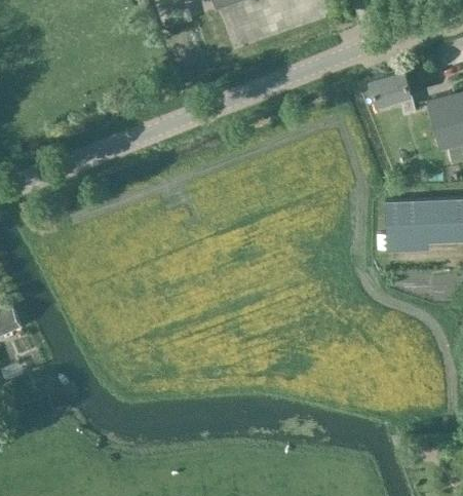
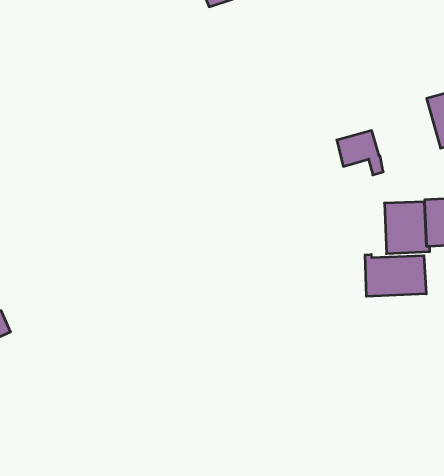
building: [370,71,415,114] -> [337,131,383,175]
building: none -> [365,254,426,296]

